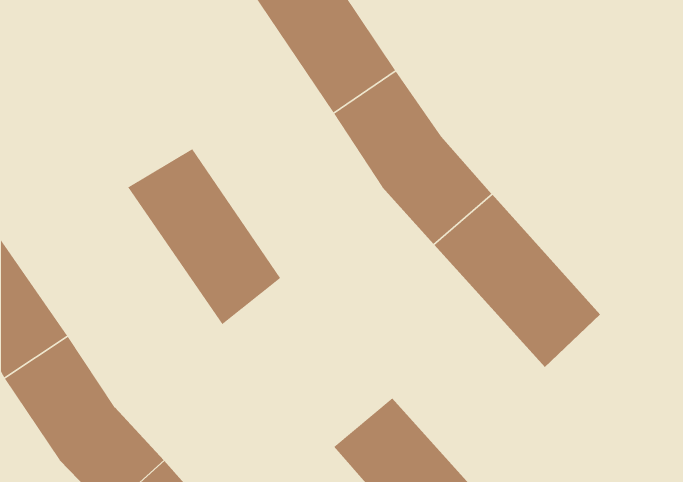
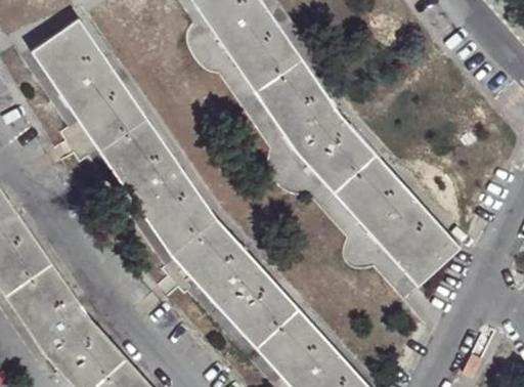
building: none -> [30,16,147,148]
building: none -> [170,218,300,347]

